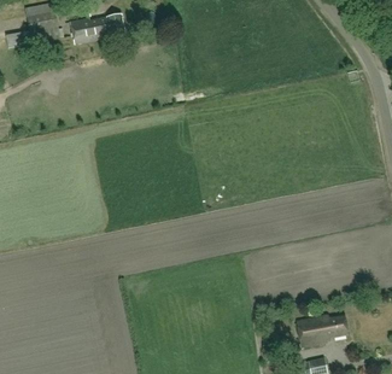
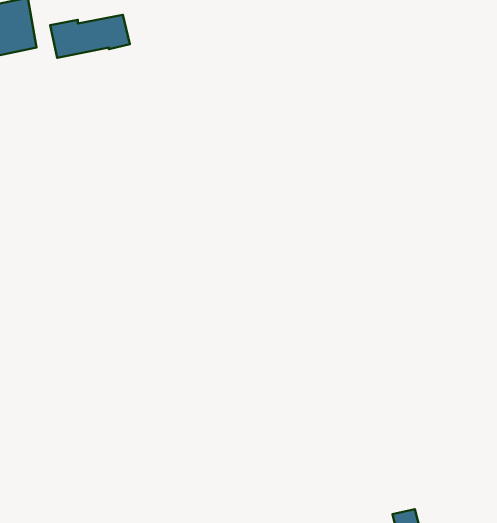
building: [297,315,347,346] -> none

